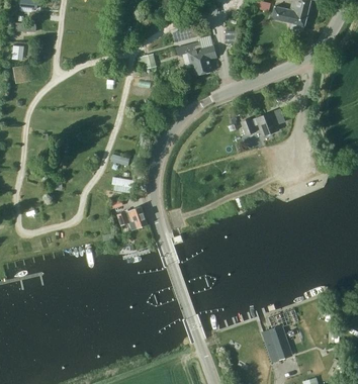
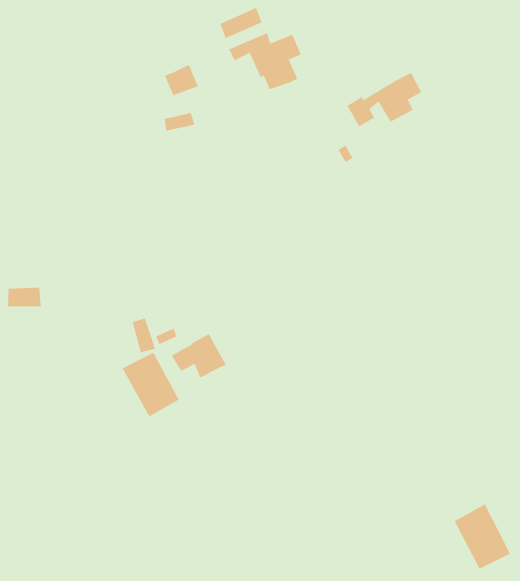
building: [241,109,284,135] -> [346,72,422,127]
building: none -> [122,352,179,417]

